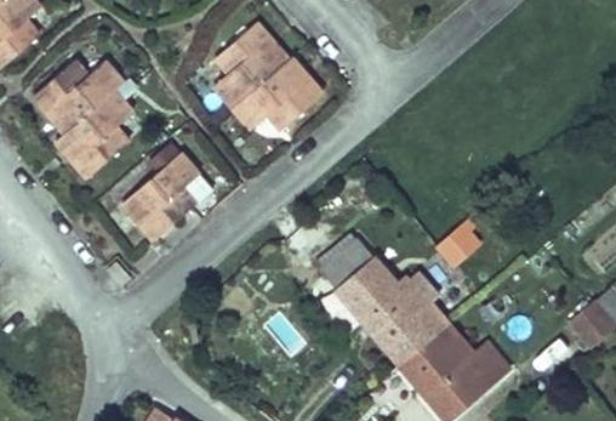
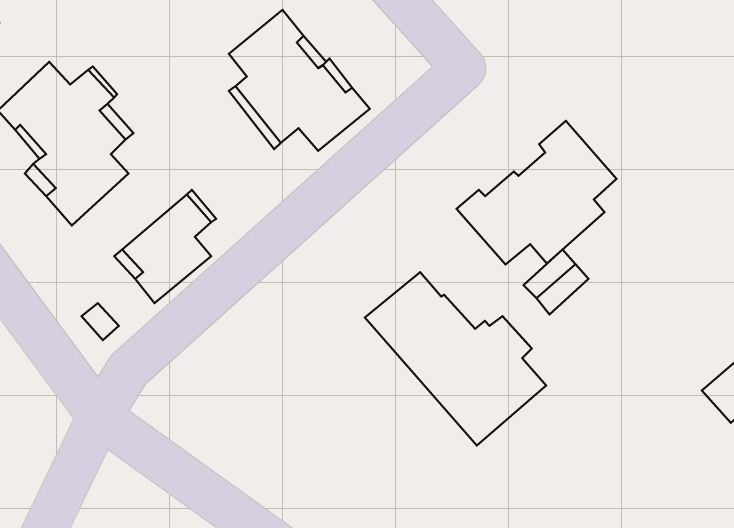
building: none -> [456,121,616,265]
building: [395,309,508,410] -> none

